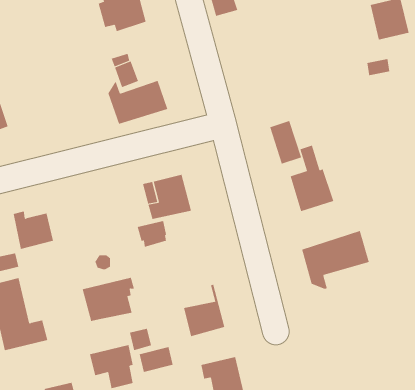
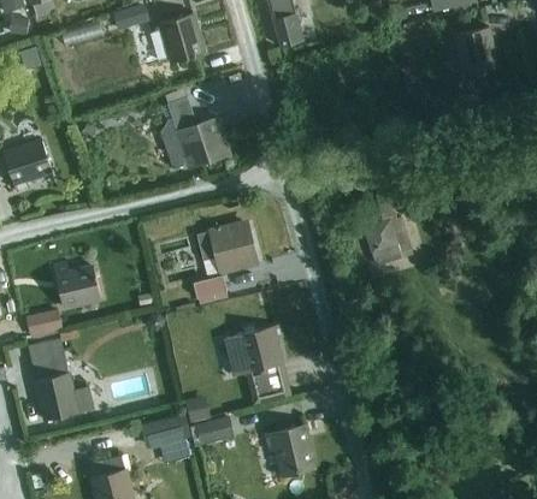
building: [269,120,302,165] -> none
building: [302,230,370,289] -> none
building: [82,277,135,321] -> [223,326,282,375]

